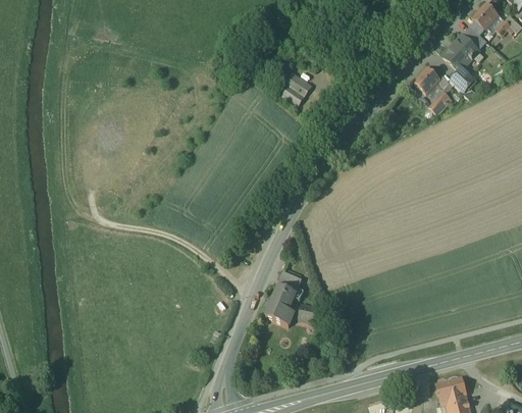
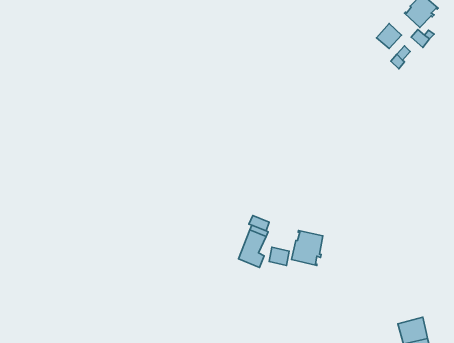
building: [283,74,310,105] -> none
building: none -> [292,231,323,266]

